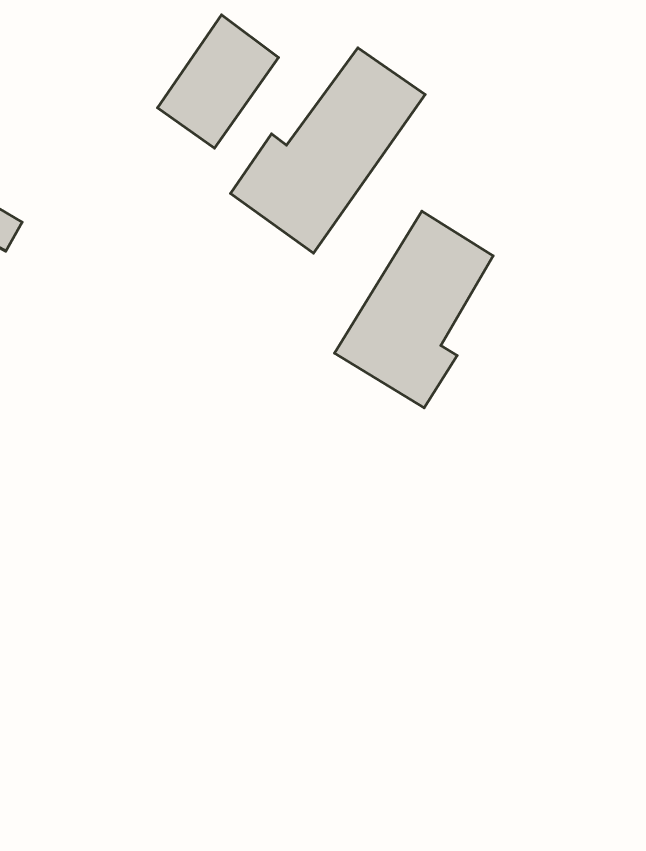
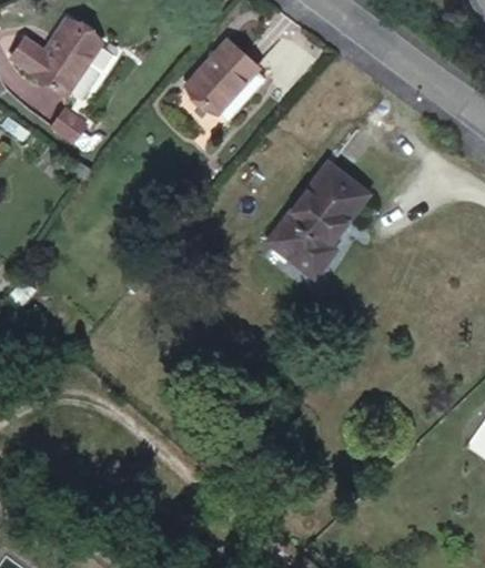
building: [230,48,425,253] -> none

